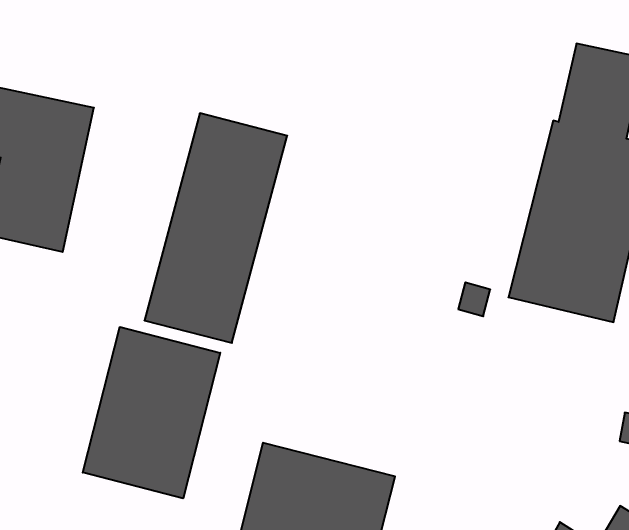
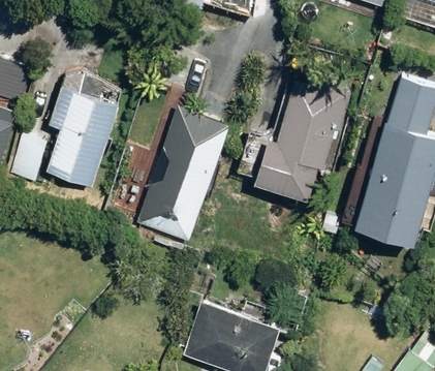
building: none -> [250,79,352,199]
building: [83,327,220,498] -> none

